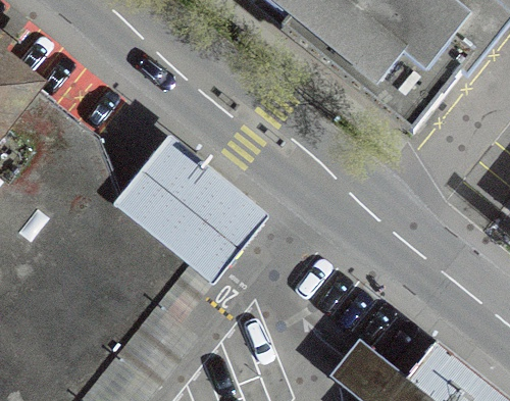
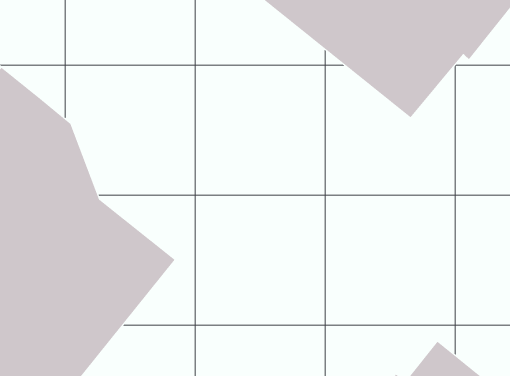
building: [112,130,271,283] -> none

